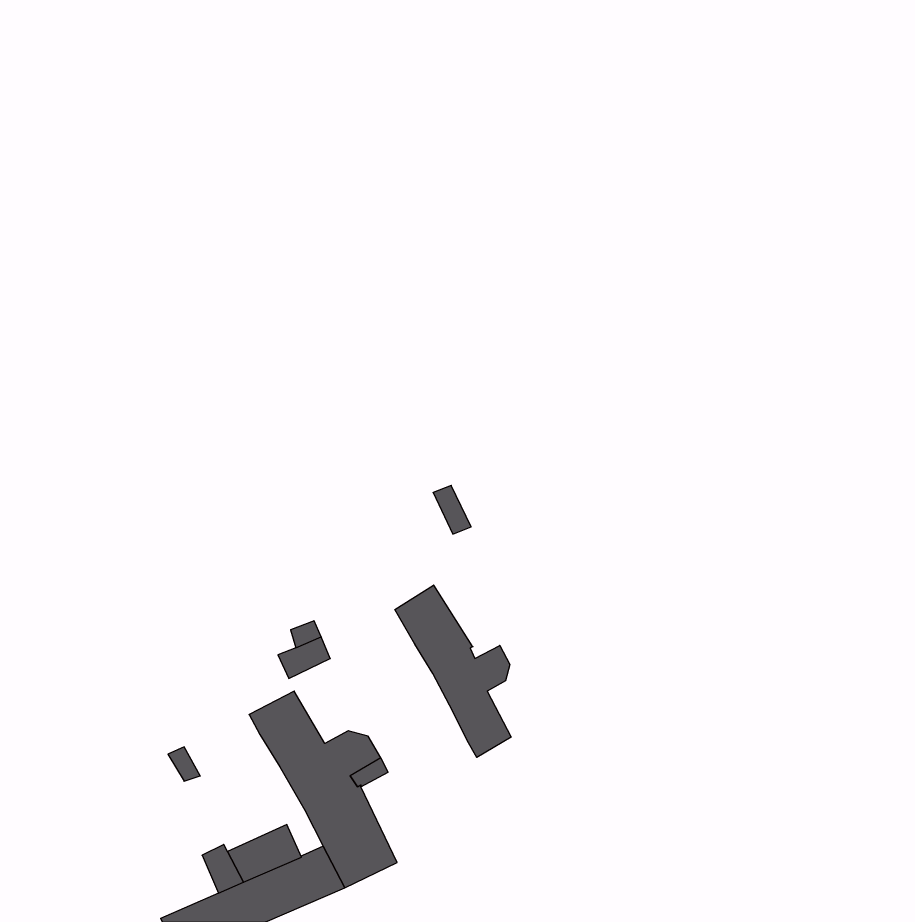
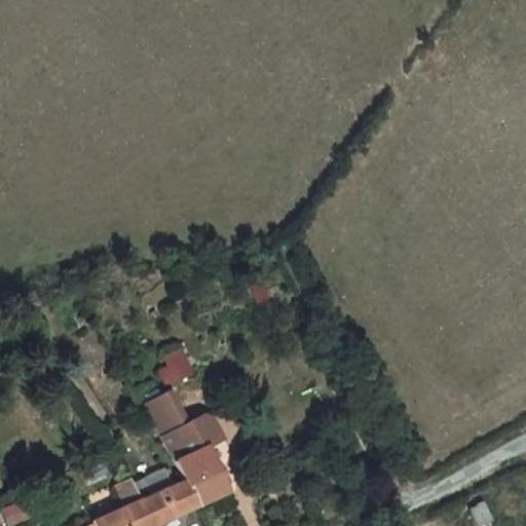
building: [395,585,511,757] -> none

